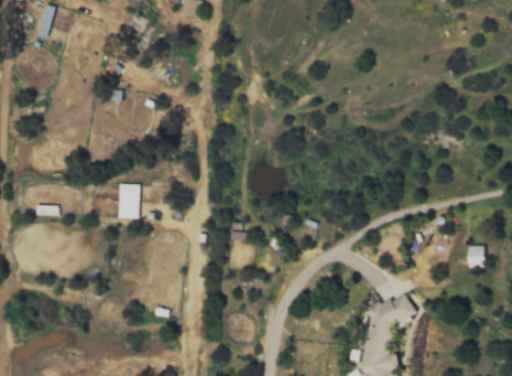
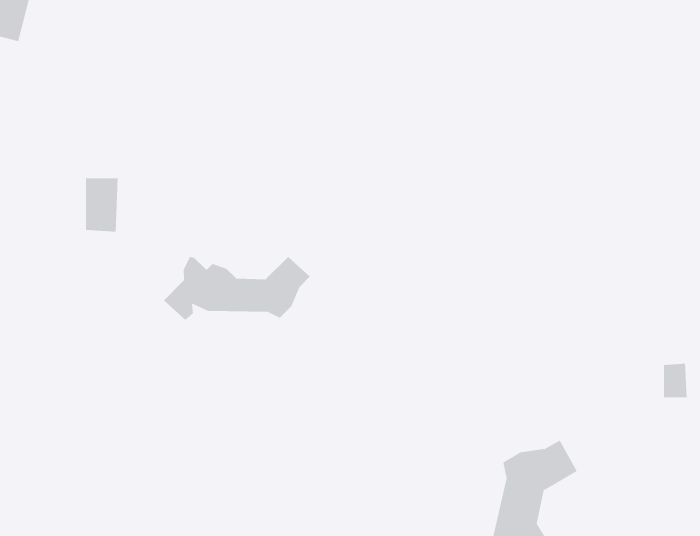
building: none -> [163,256,310,321]
building: [119,185,140,219] -> [85,178,118,232]

